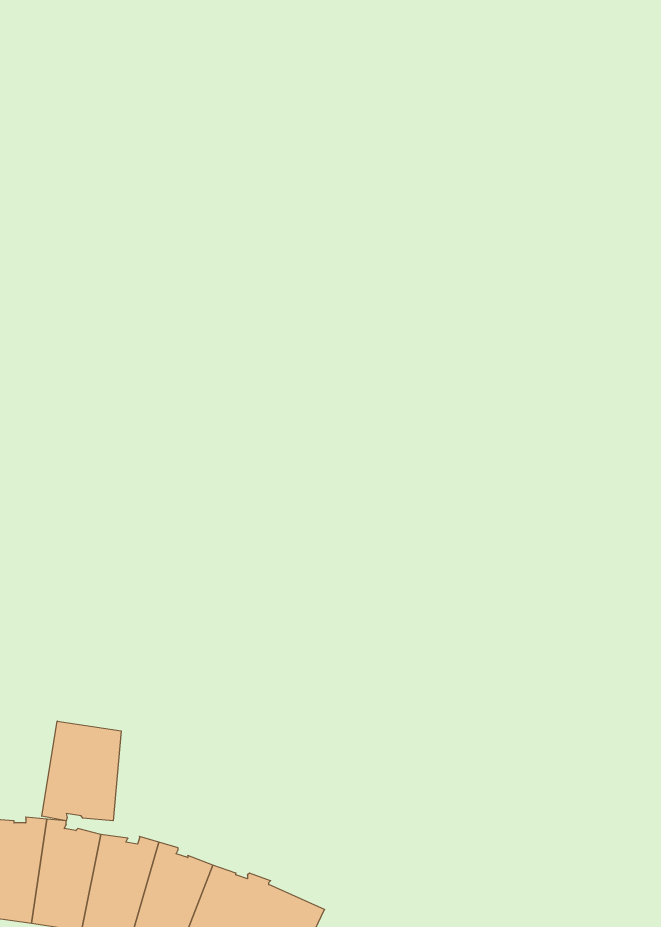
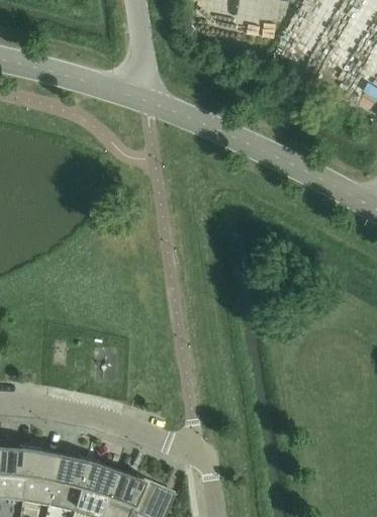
building: [42,721,121,821] -> none

